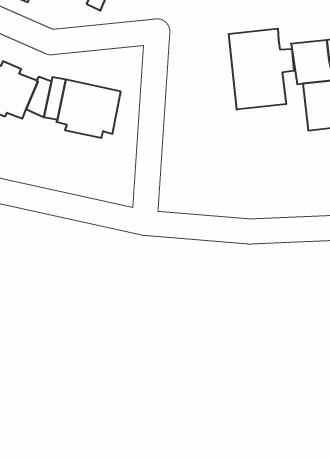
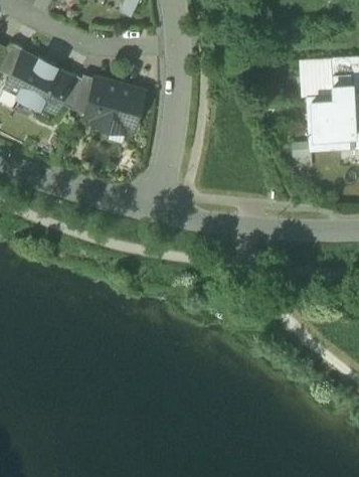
building: [229,29,294,110] -> none

